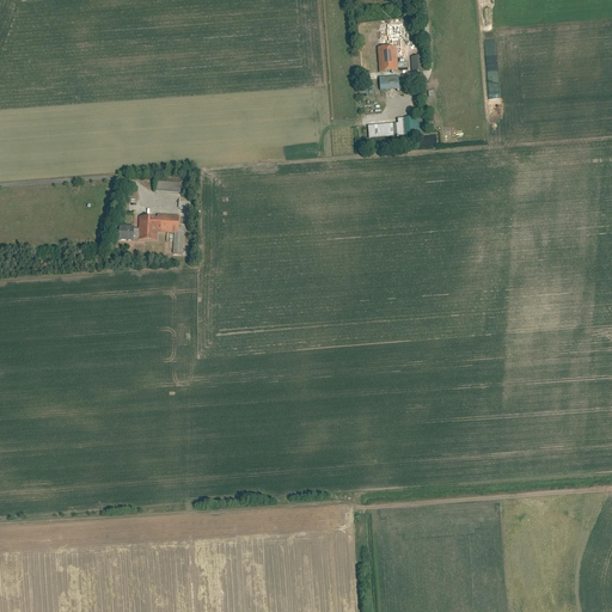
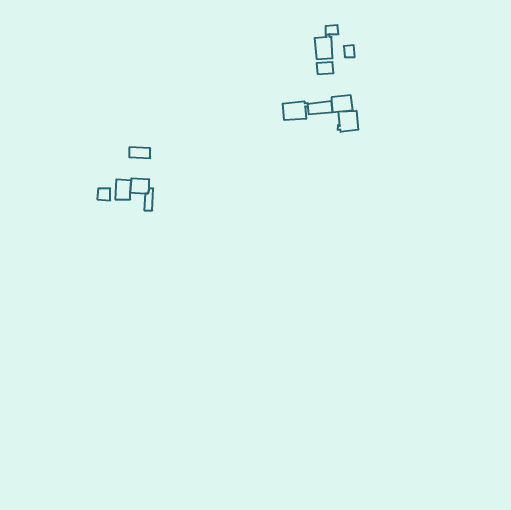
building: none -> [283,101,308,120]
building: none -> [338,111,358,132]

